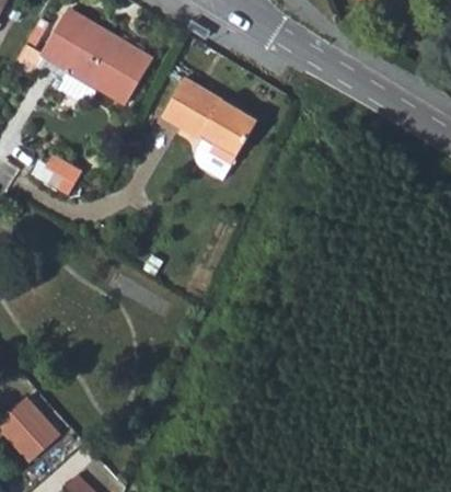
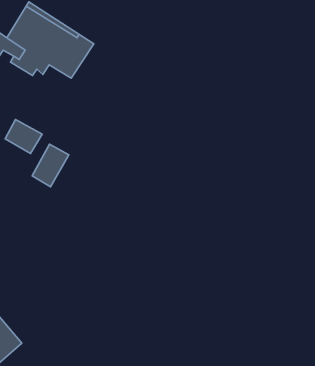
building: [165,78,257,178] -> none
building: none -> [32,144,69,187]

